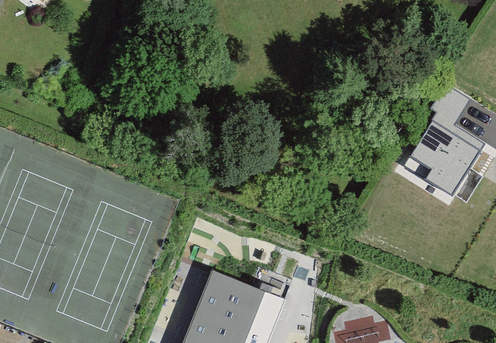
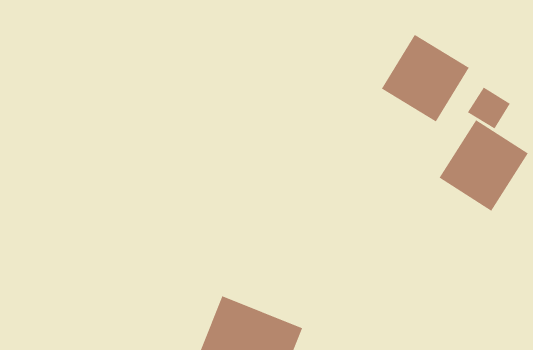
building: none -> [381,34,470,122]

